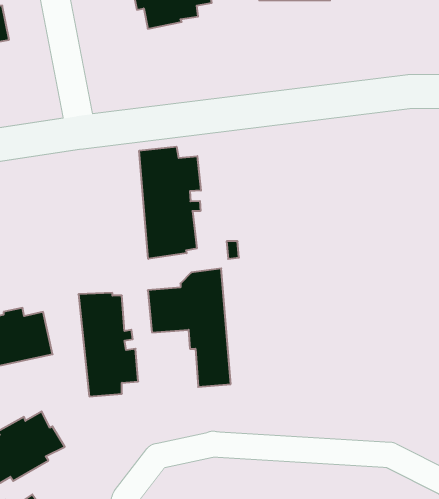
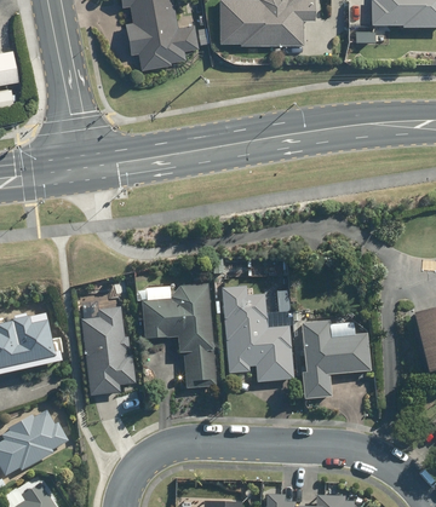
building: [139,147,201,259] -> none
building: none -> [220,287,293,384]
building: none -> [300,322,371,401]

